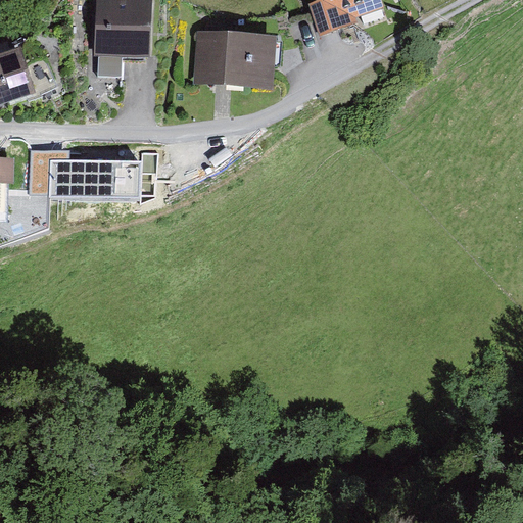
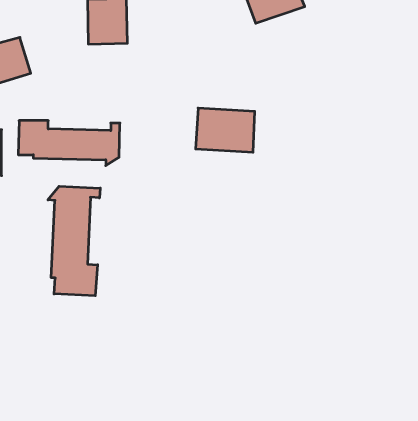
building: [187,32,259,86] -> [196,108,255,152]
building: none -> [48,186,100,296]

